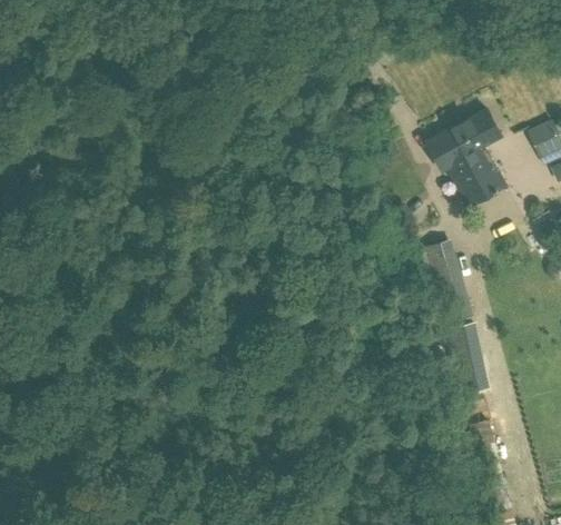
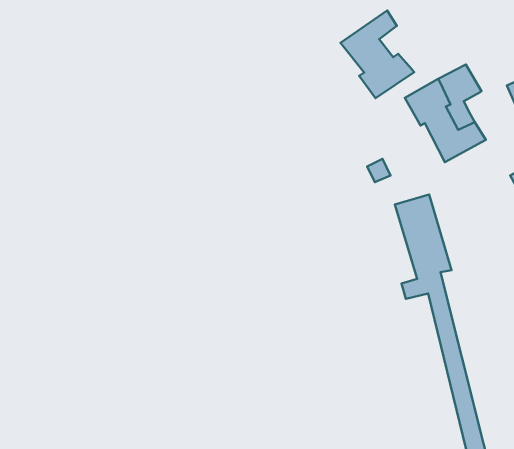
building: none -> [340,10,414,98]

